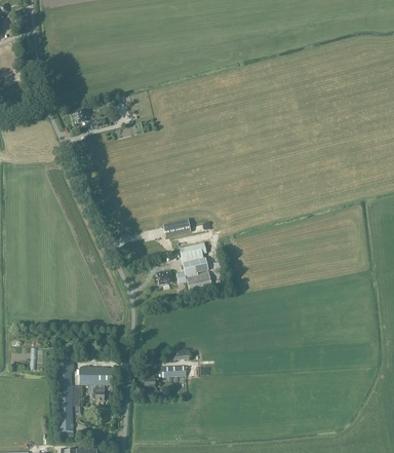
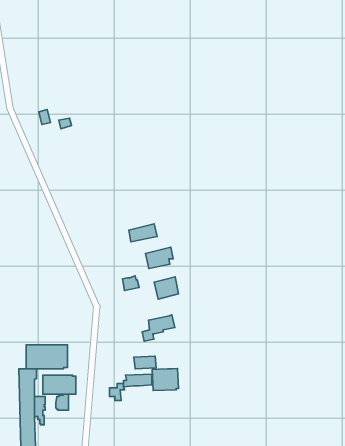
building: [176,258,208,284] -> [142,315,175,341]
building: none -> [26,345,68,369]
building: none -> [152,368,178,391]

